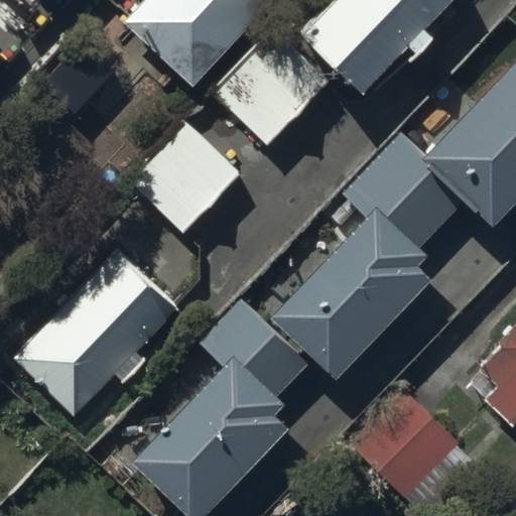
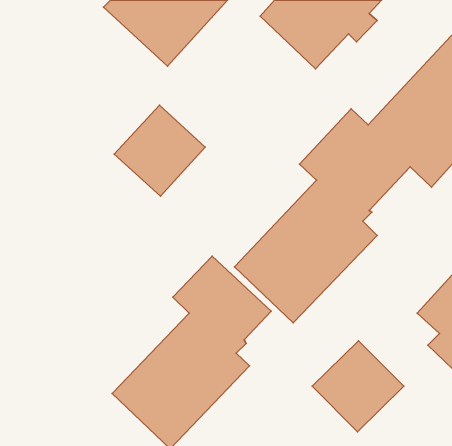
building: [225,36,332,143] -> none
building: [20,258,177,416] -> none

